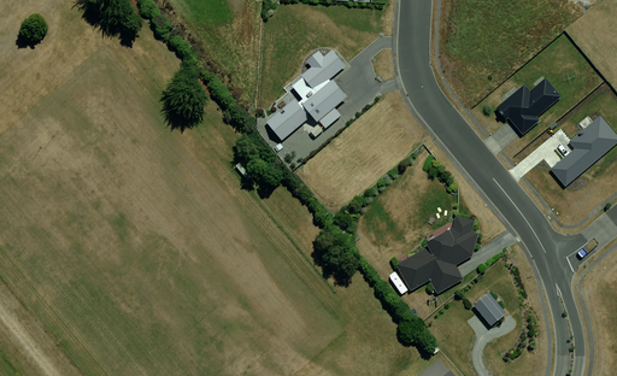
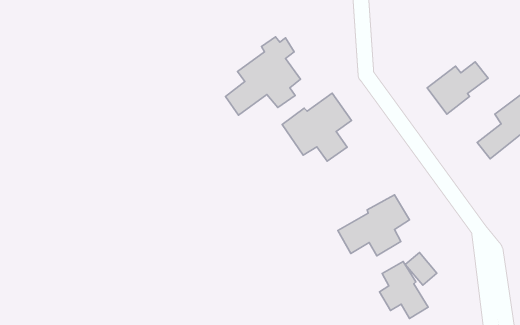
building: none -> [282,93,351,161]
building: none -> [379,261,428,318]

